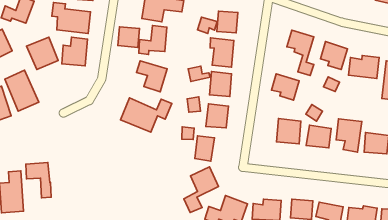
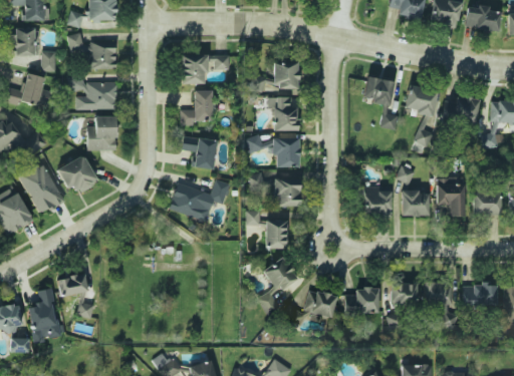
building: [118,27,139,47] -> none
building: [26,37,58,69] -> [58,154,99,196]
building: [271,74,299,100] -> none

